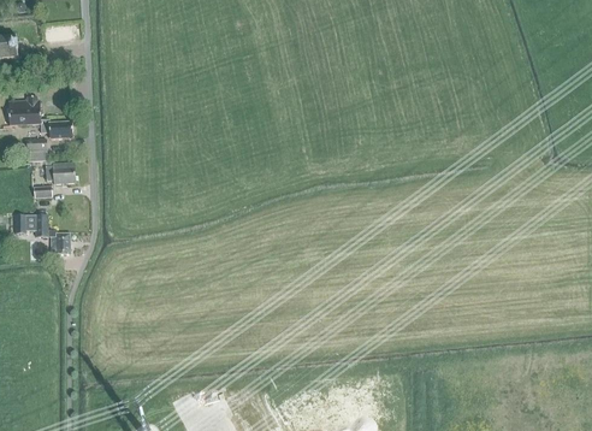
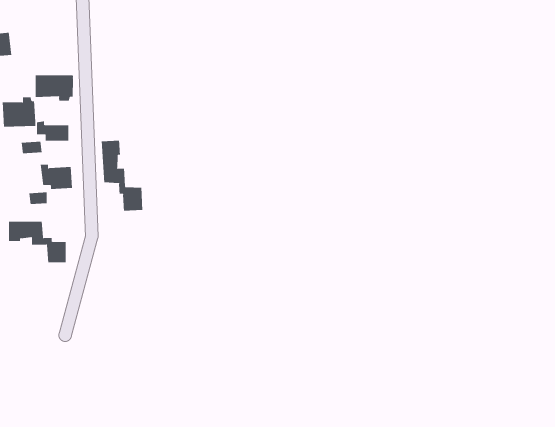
building: none -> [35,75,73,101]
building: none -> [101,140,143,212]

